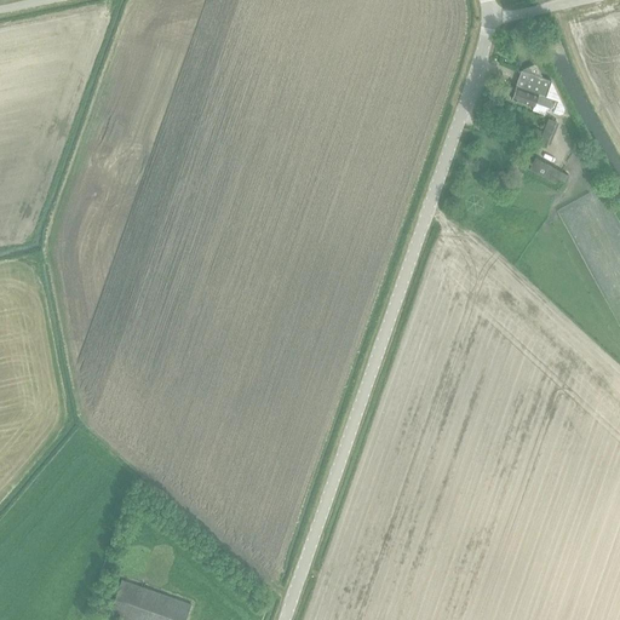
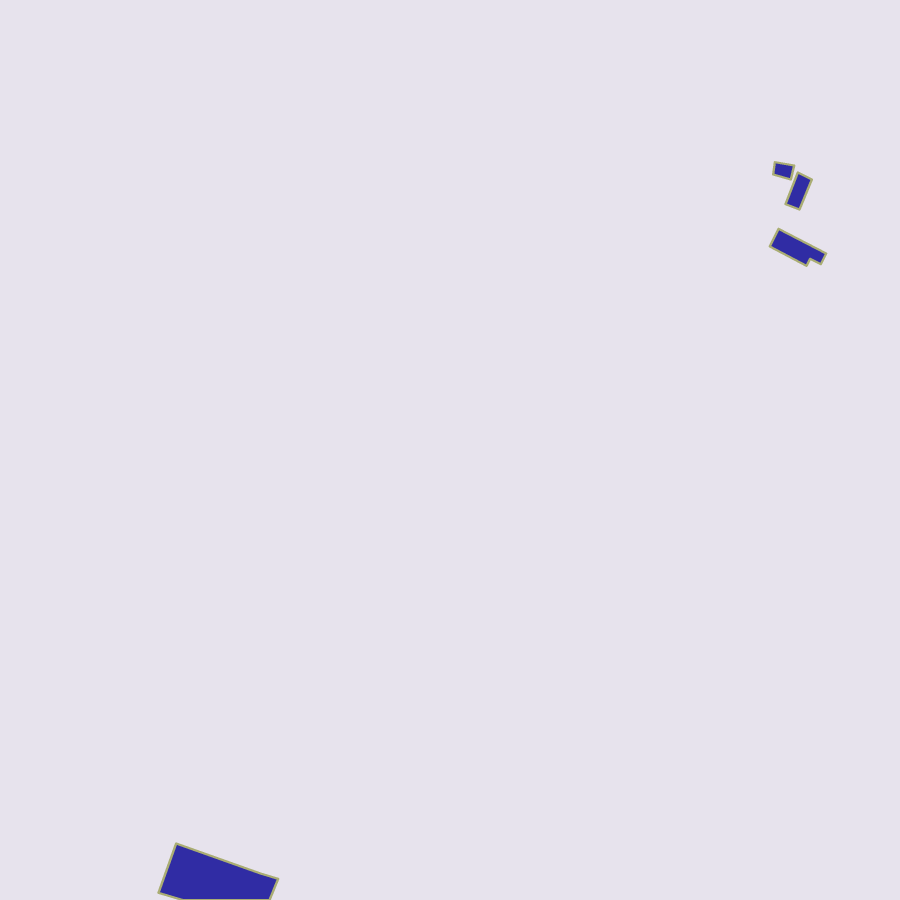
building: [511,63,564,114] -> none

